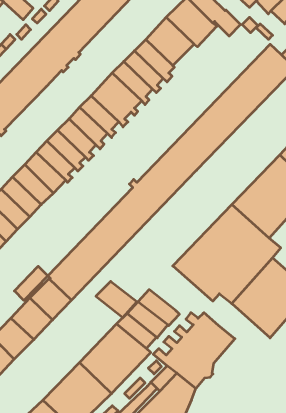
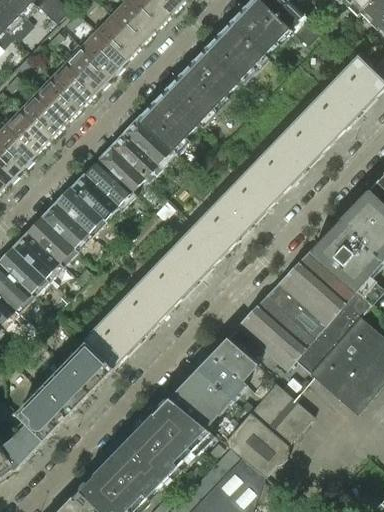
building: [14,266,48,300] -> none
building: [96,281,137,317] -> [208,337,258,381]

